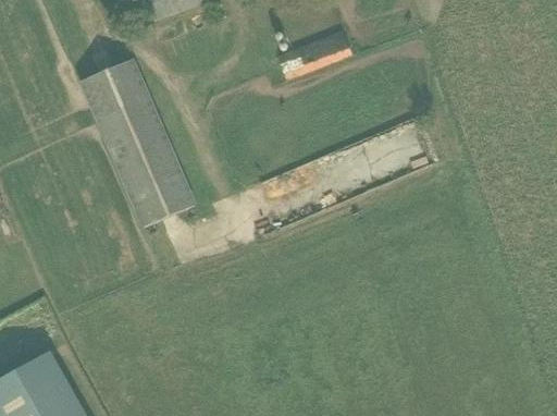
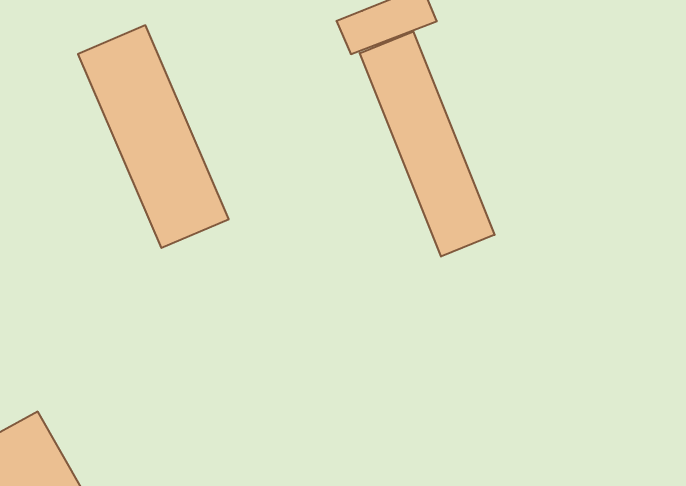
building: none -> [360,31,495,257]

